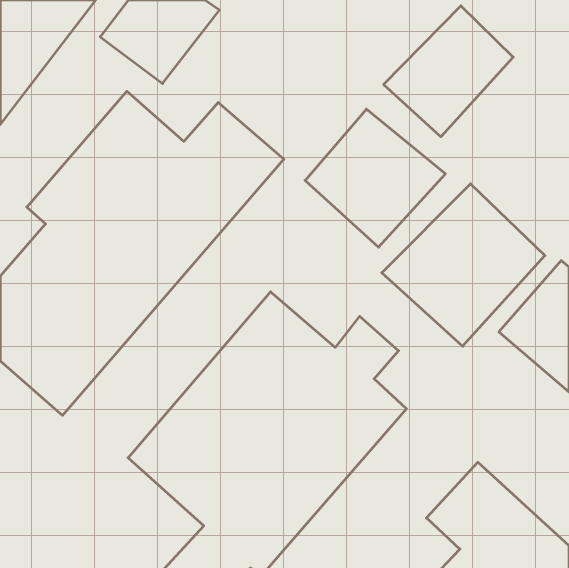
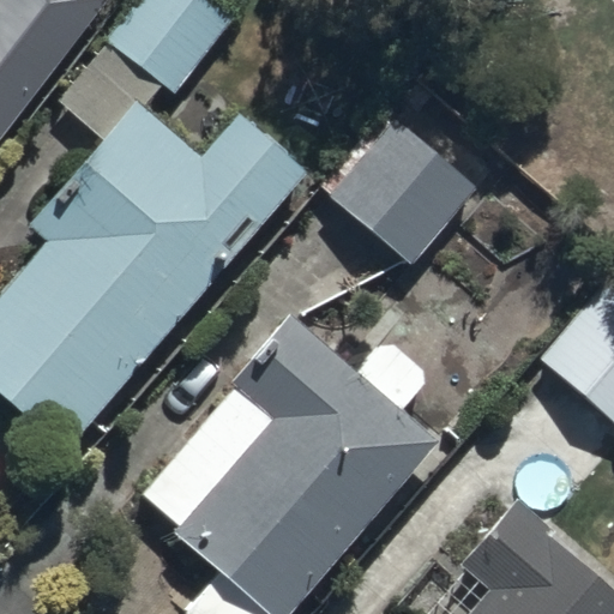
building: [384,6,513,137] -> none
building: [382,184,545,346] -> none

